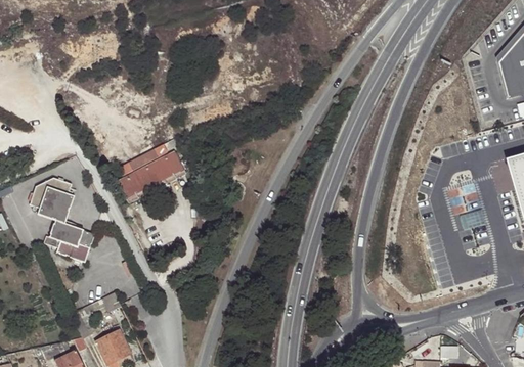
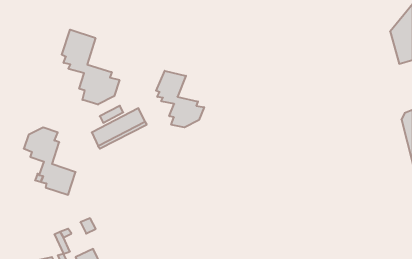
building: none -> [62,30,119,105]
building: none -> [156,71,204,127]

